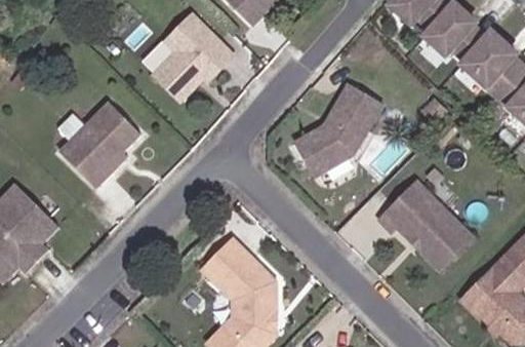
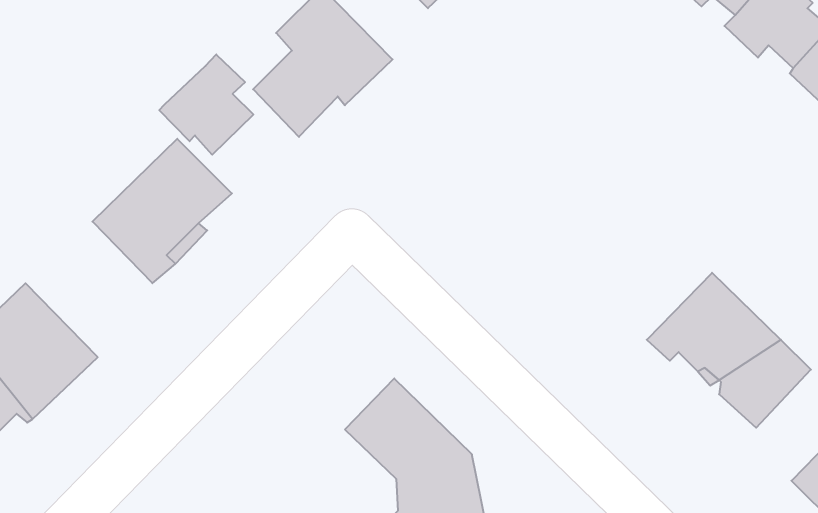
building: none -> [159,54,253,155]
building: [293,87,380,181] -> none

